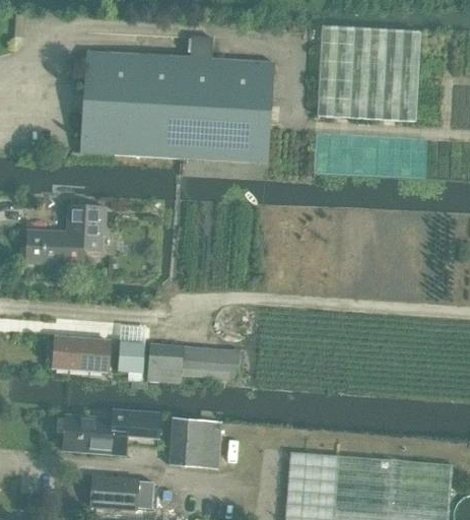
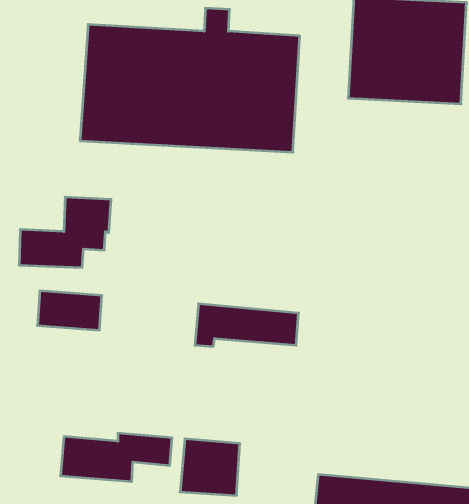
building: [54,336,111,371] -> [37,291,102,330]
building: [118,341,145,372] -> none
building: [148,342,240,380] -> [195,304,299,346]

